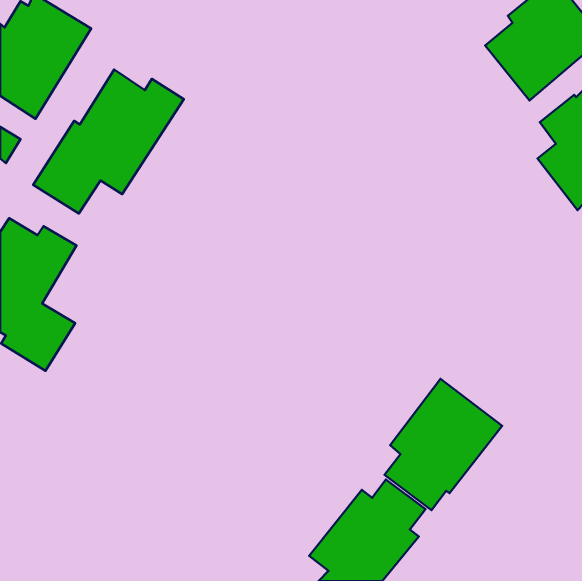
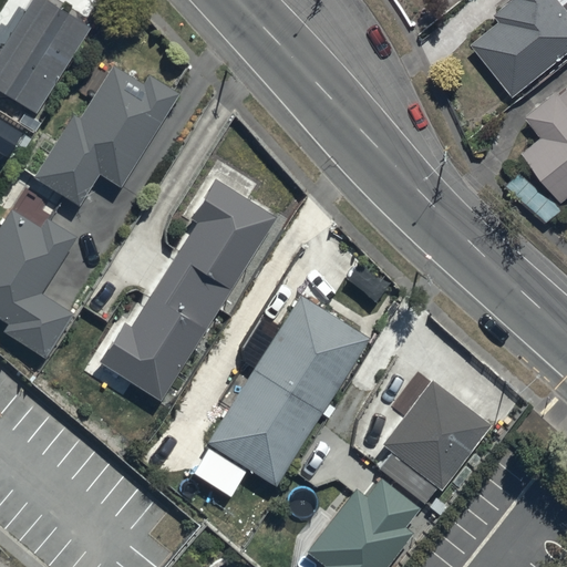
building: none -> [97,179,277,403]
building: none -> [205,295,370,488]

